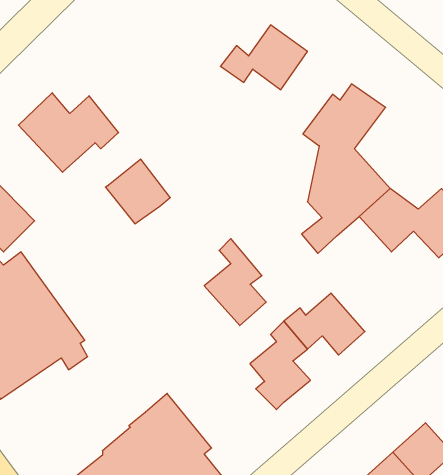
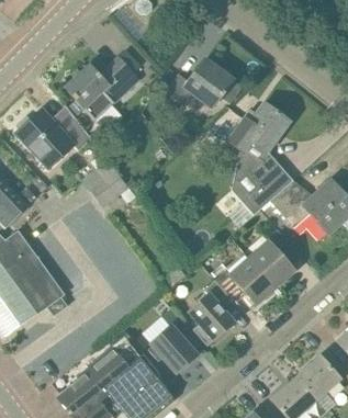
building: none -> [64,55,139,120]
building: [204,239,266,326] -> [149,307,195,372]
building: none -> [248,226,293,286]

